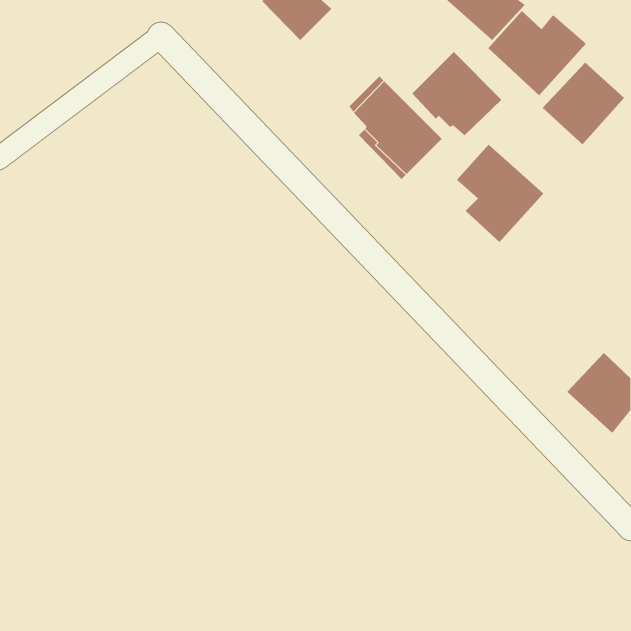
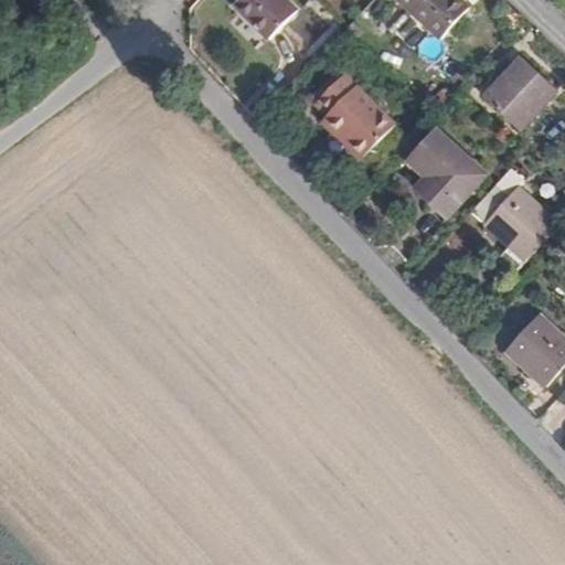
building: [487,10,587,96] -> none
building: [411,51,502,136] -> none
building: none -> [470,168,556,270]

